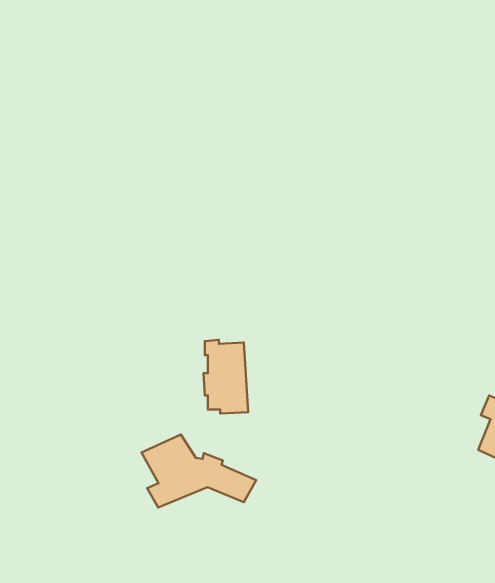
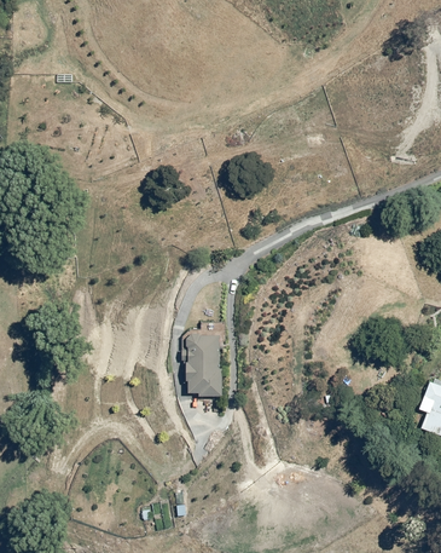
building: [142,434,256,507] -> none

